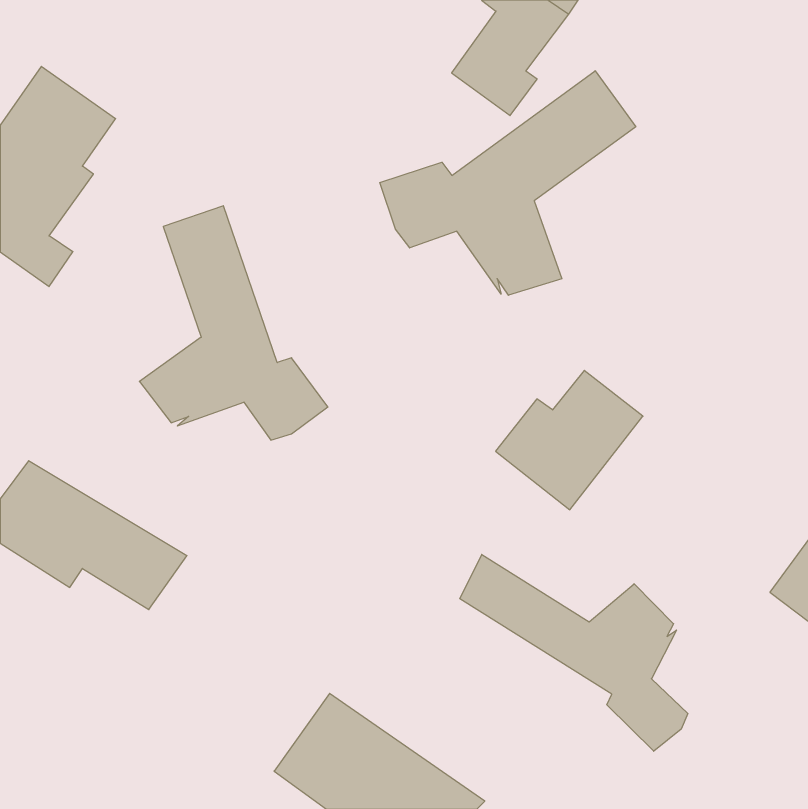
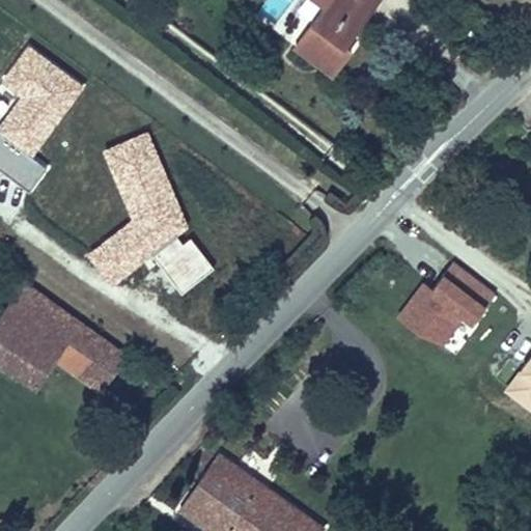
building: [380,71,636,295] -> none
building: [496,370,643,510] -> [398,260,495,352]
building: [460,554,688,751] -> none

